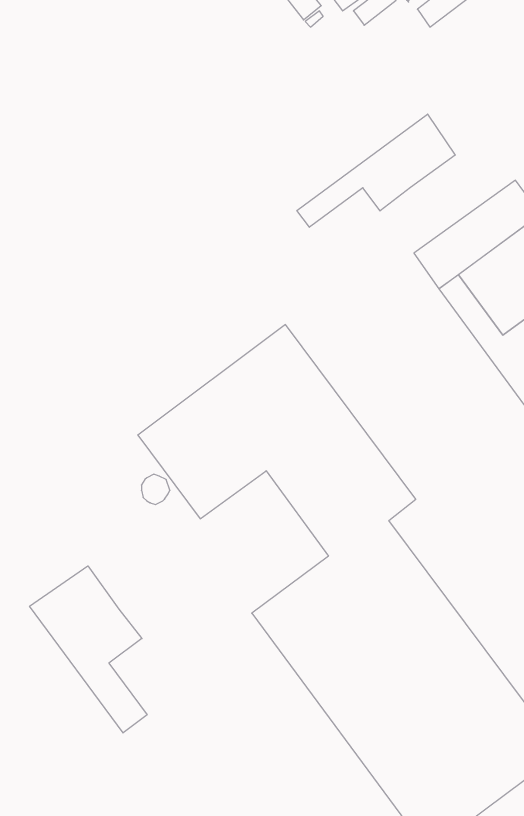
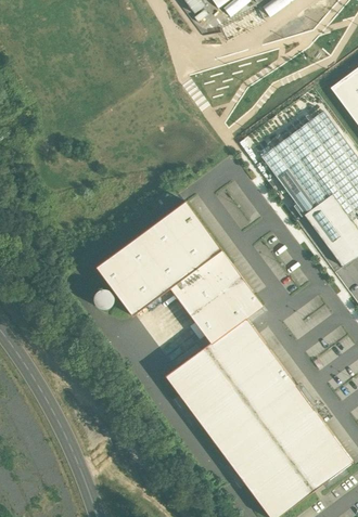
building: [297,114,455,227] -> none
building: [30,566,147,733] -> none

